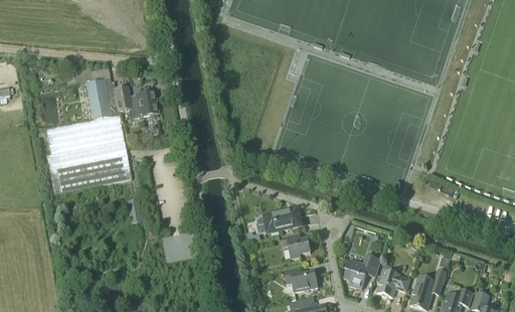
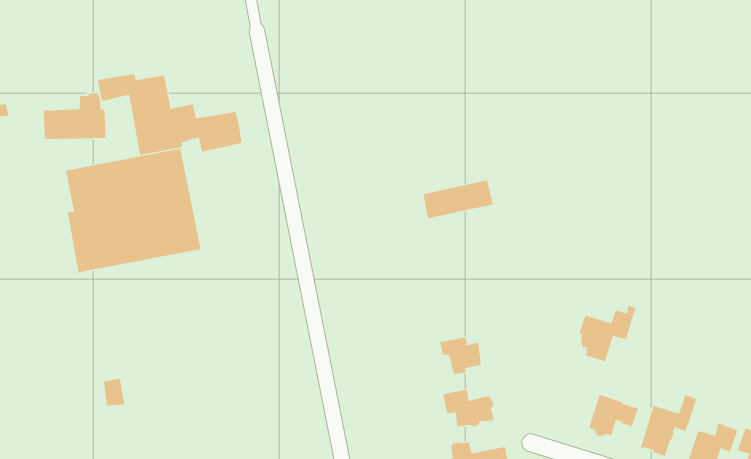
building: none -> [43,92,107,140]
building: [255,207,301,232] -> [423,179,494,219]
building: [345,253,382,289] -> [579,305,637,362]

